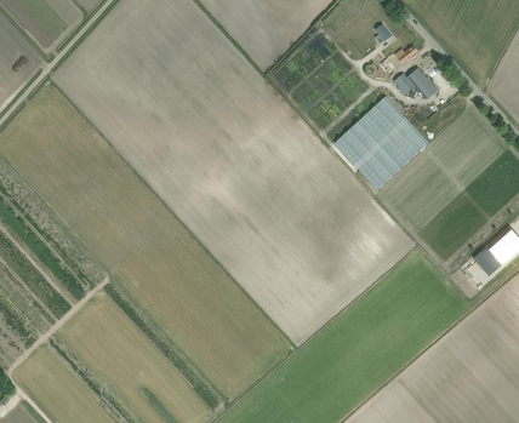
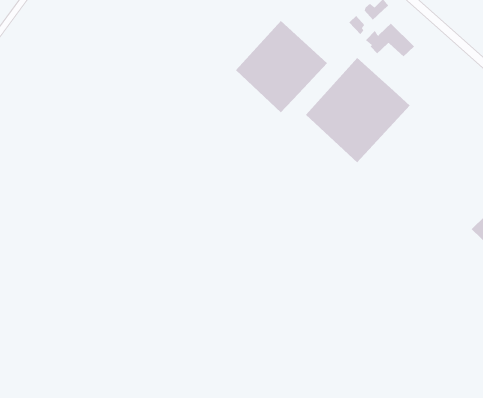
building: none -> [235,20,328,113]

